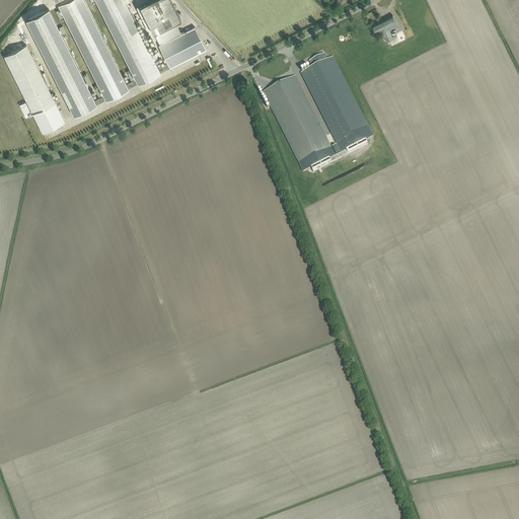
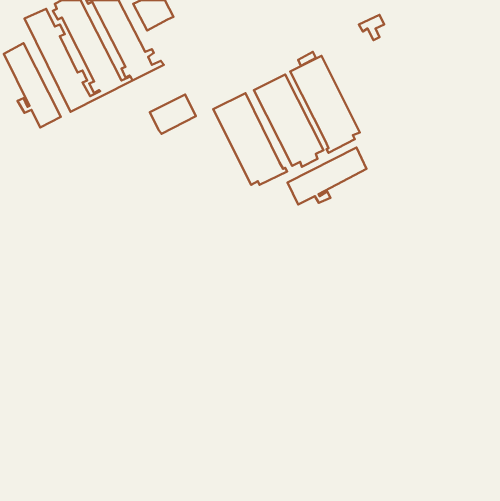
building: [157,26,205,67] -> [150,95,196,134]
building: none -> [213,93,287,185]
building: none -> [287,148,366,204]

